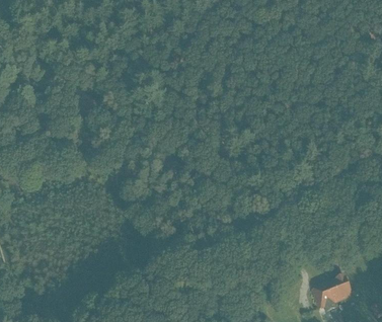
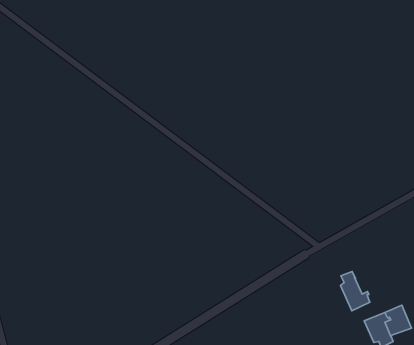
building: none -> [340,272,370,311]

